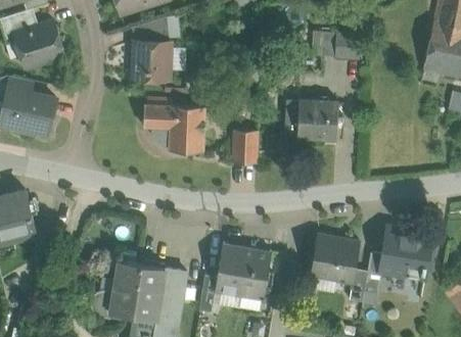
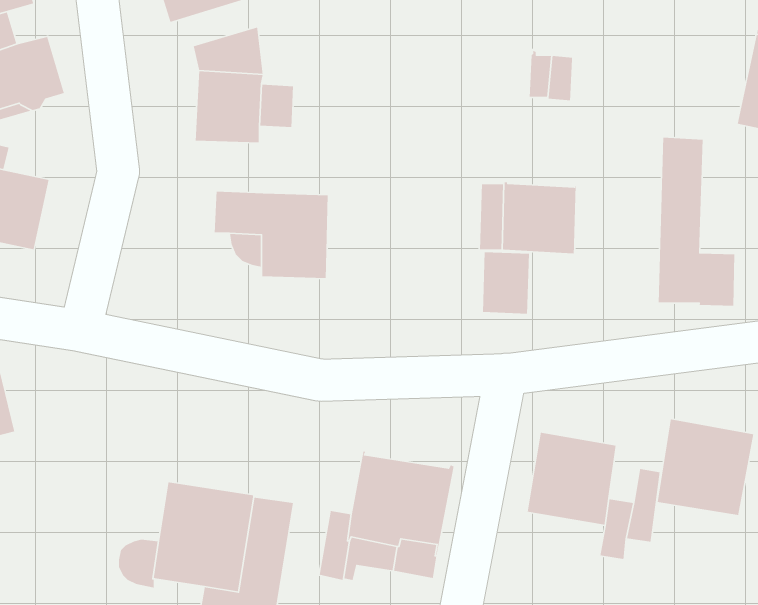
building: [334,34,361,57] -> none
building: none -> [658,137,735,306]
building: [232,130,258,163] -> [482,251,530,314]

